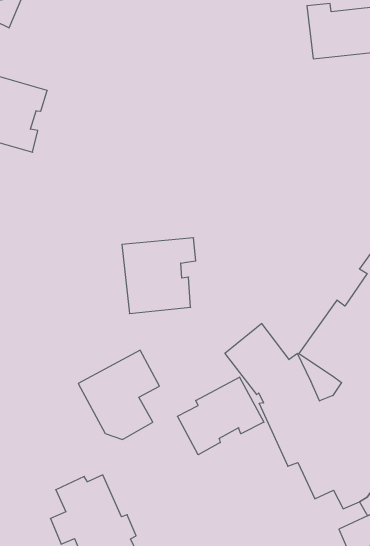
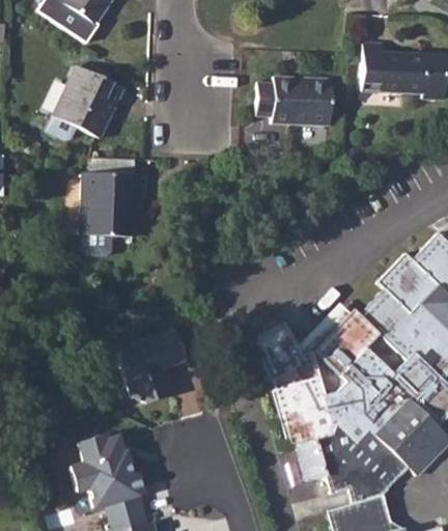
building: none -> [256,78,331,125]
building: [122,238,196,314] -> [81,173,147,237]
building: [177,377,264,455] -> none

